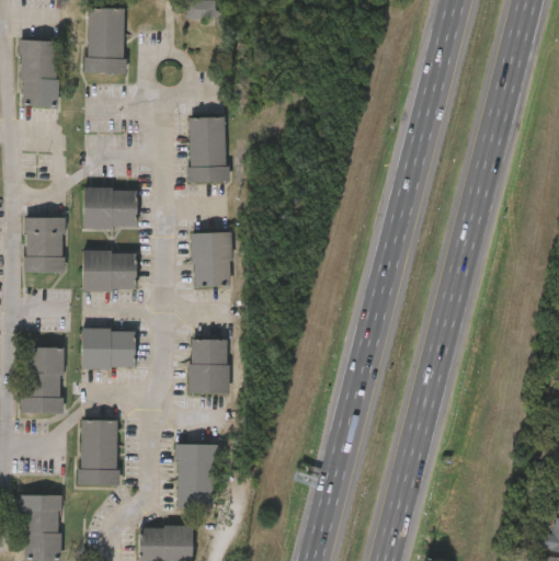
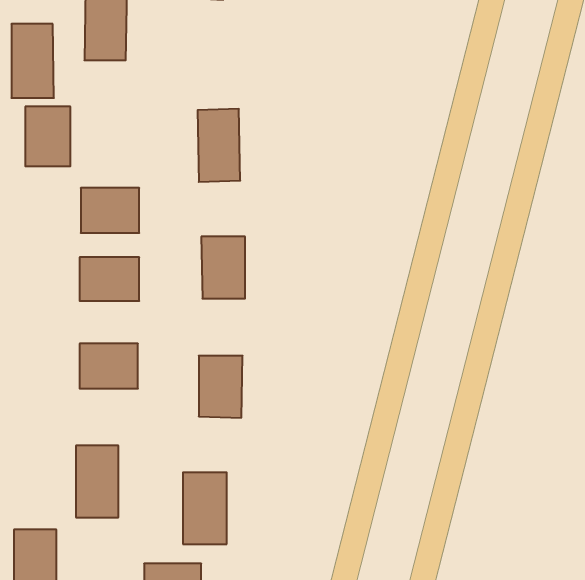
building: [24,218,65,272] -> [25,107,70,166]
building: [23,347,64,414] -> none

